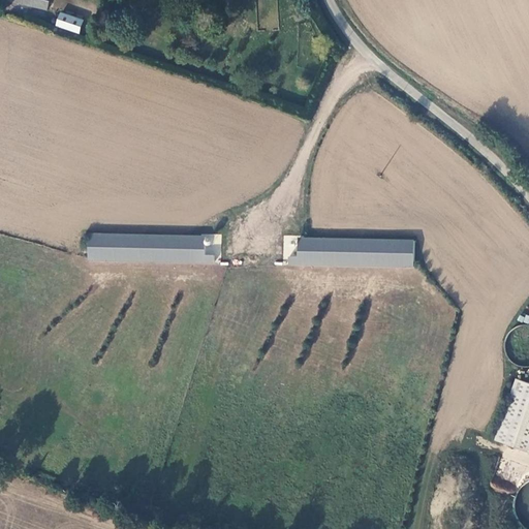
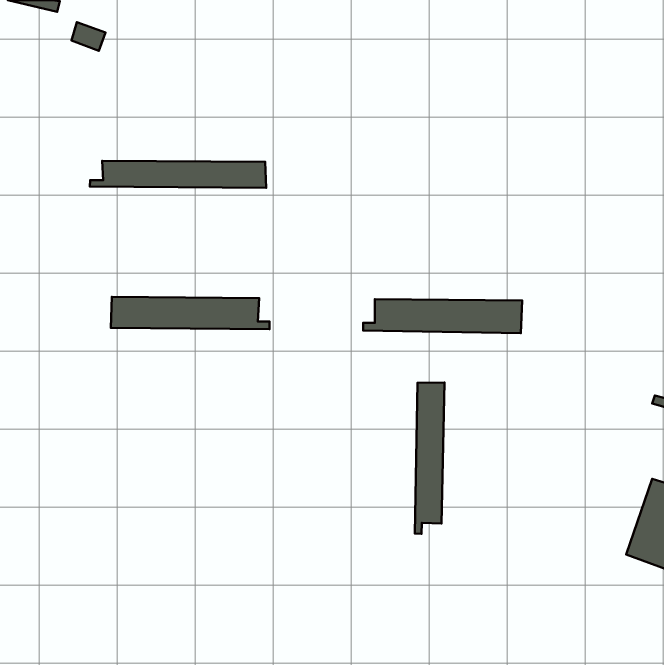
building: none -> [90,161,266,188]
building: none -> [415,383,445,534]

